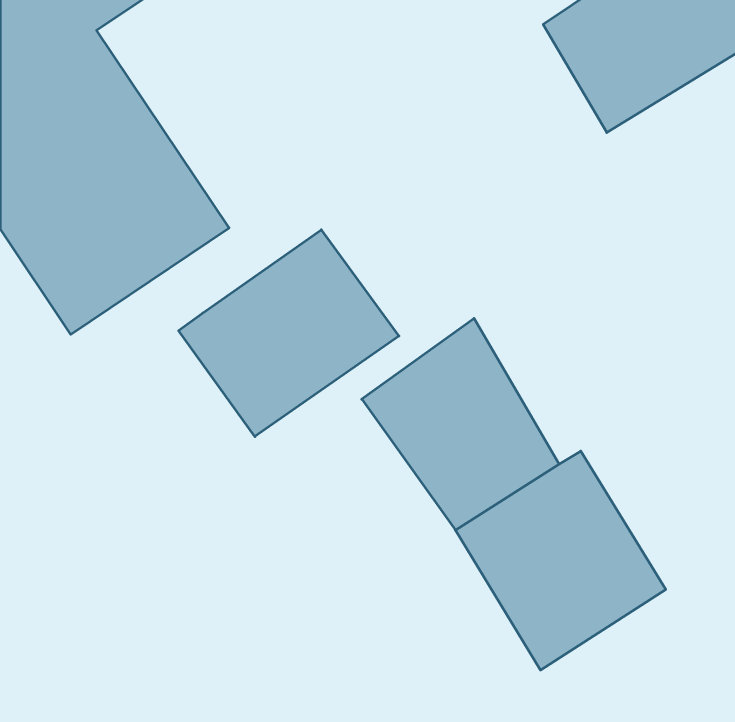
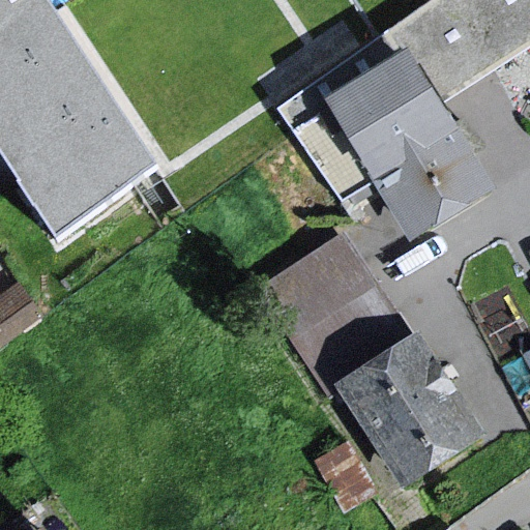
building: none -> [291,43,495,229]
building: [179,230,399,437] -> none

